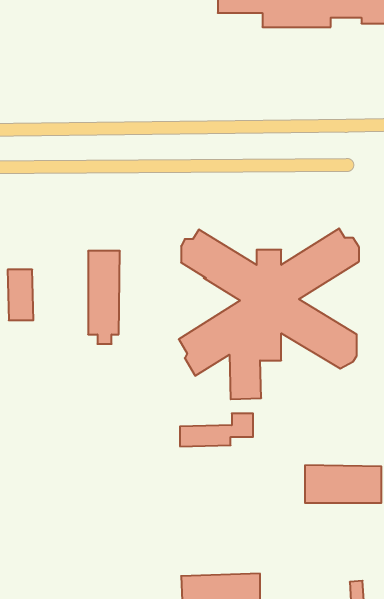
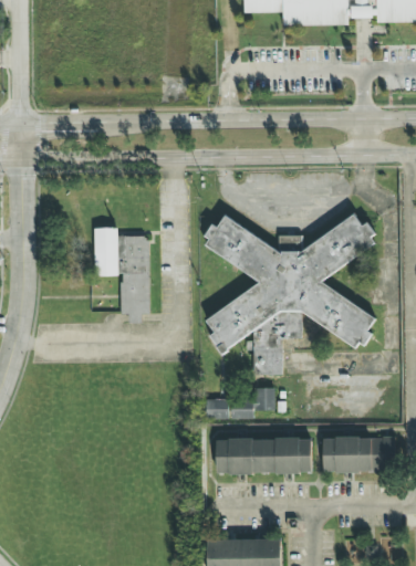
building: [8,270,33,320] -> [94,228,118,275]
building: none -> [216,439,312,474]

